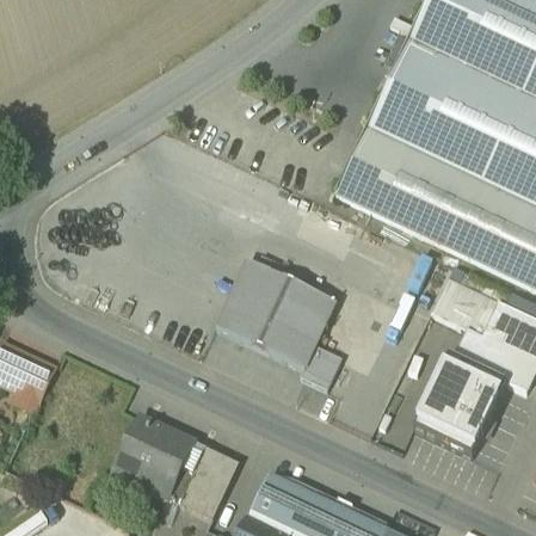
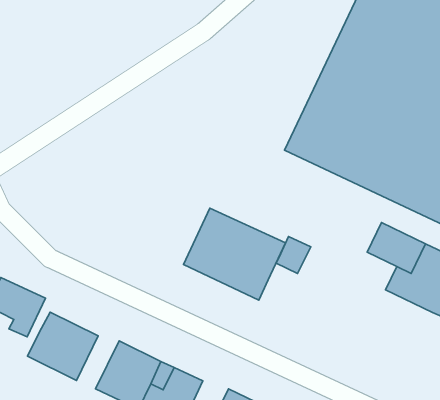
building: [301,344,341,387] -> [276,237,311,273]
building: [413,353,507,455] -> none
building: none -> [28,312,98,380]

